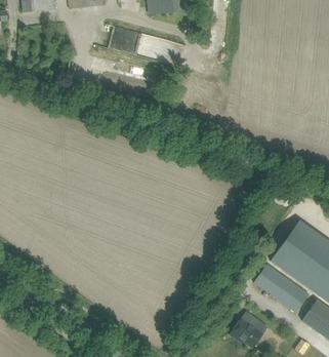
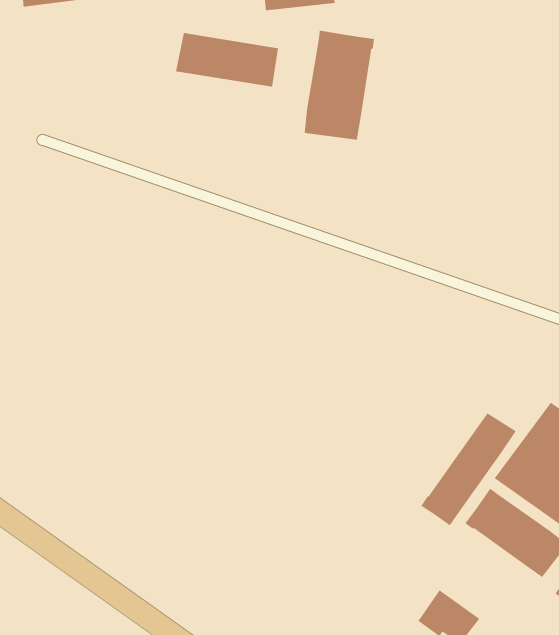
building: none -> [304,30,374,140]
building: none -> [420,412,517,526]

